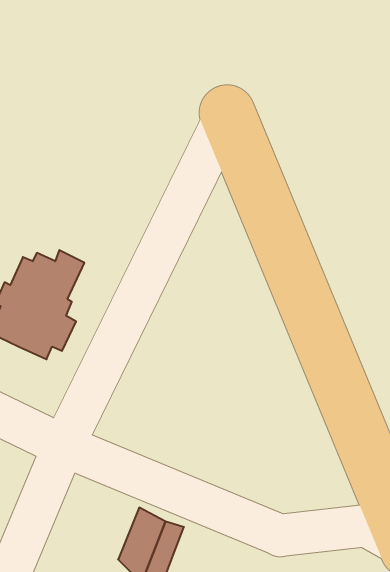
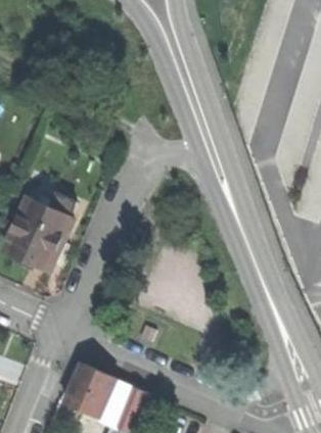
building: none -> [63,365,113,417]

